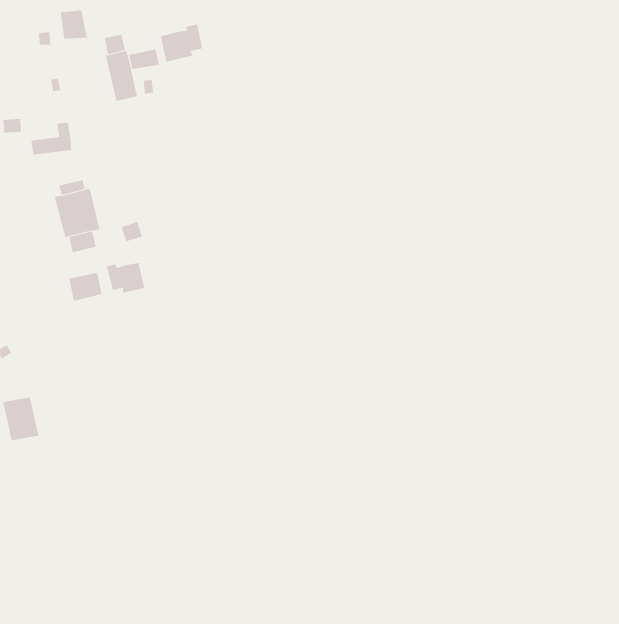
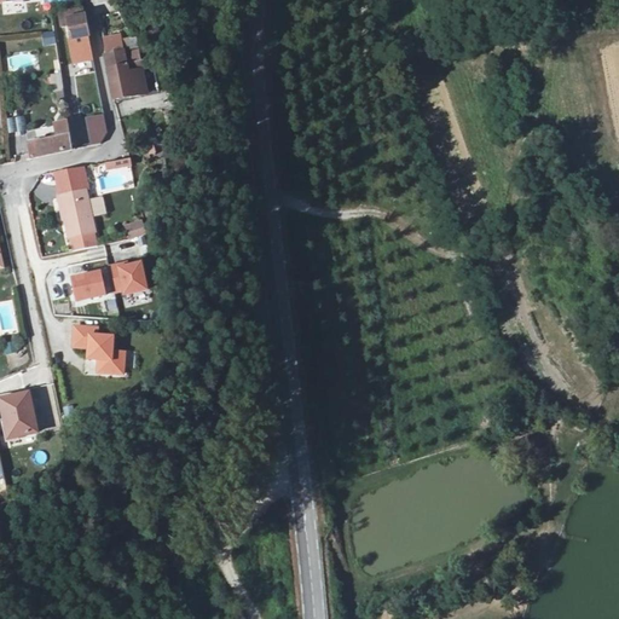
building: [160,24,203,62] -> none
building: none -> [63,37,92,65]
building: none -> [80,114,103,145]
building: none -> [74,324,125,371]

